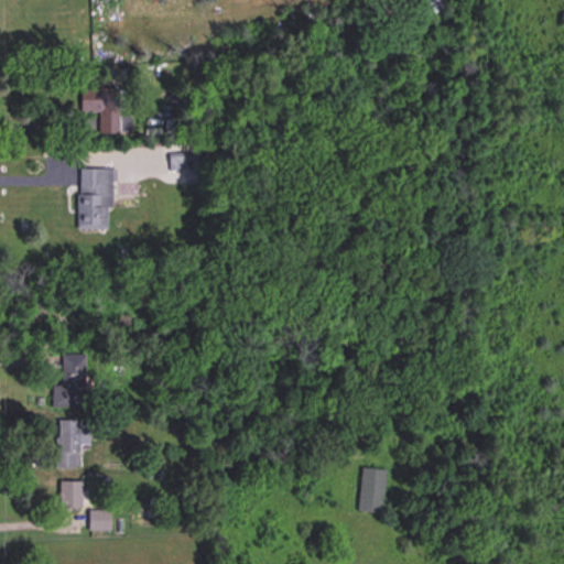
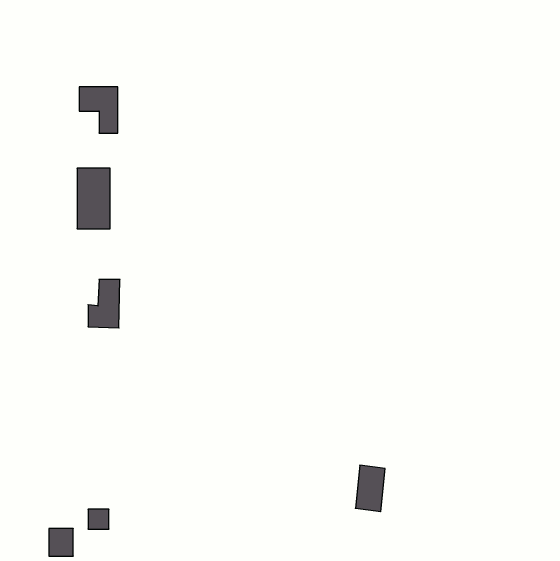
building: [54,359,86,408] -> [88,279,120,328]
building: [57,420,90,467] -> none
building: [59,480,84,508] -> [49,529,73,556]

